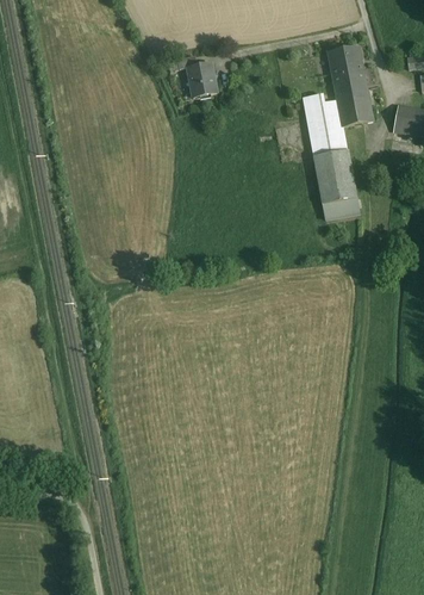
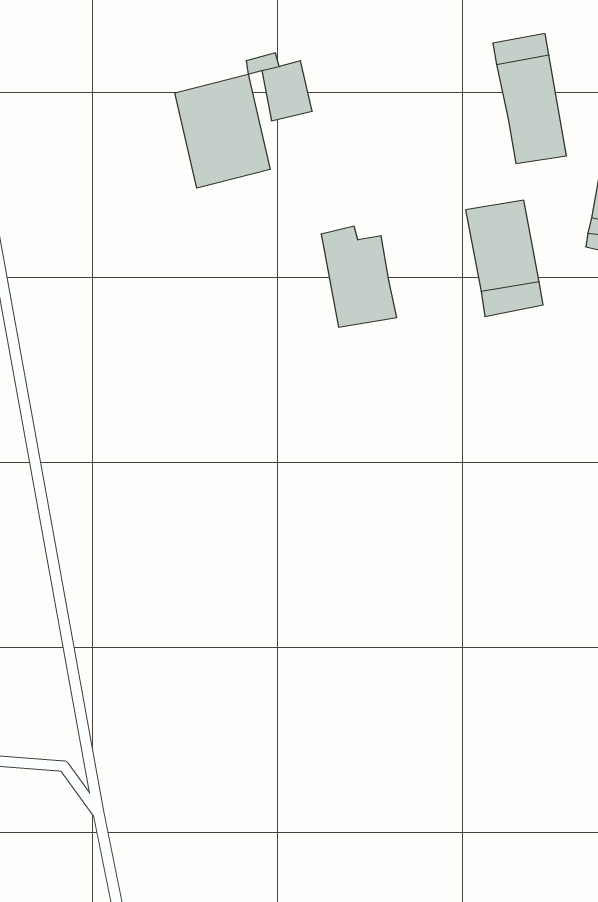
building: none -> [175,74,270,188]
building: [301,92,348,154] -> [321,226,397,327]

